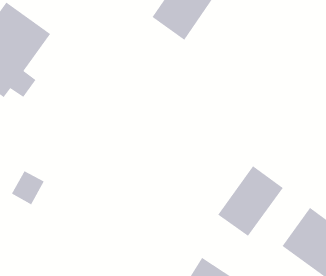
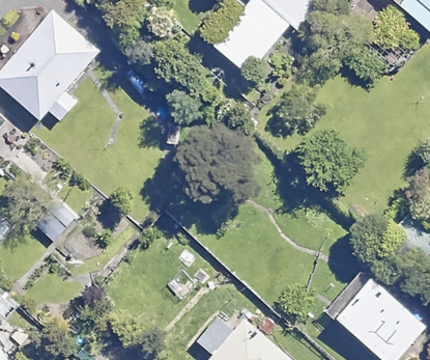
building: [217,165,284,237] -> none

